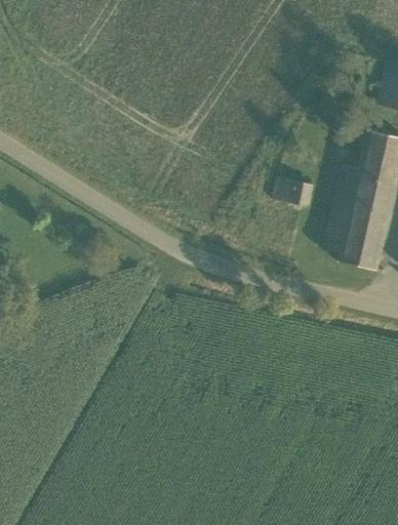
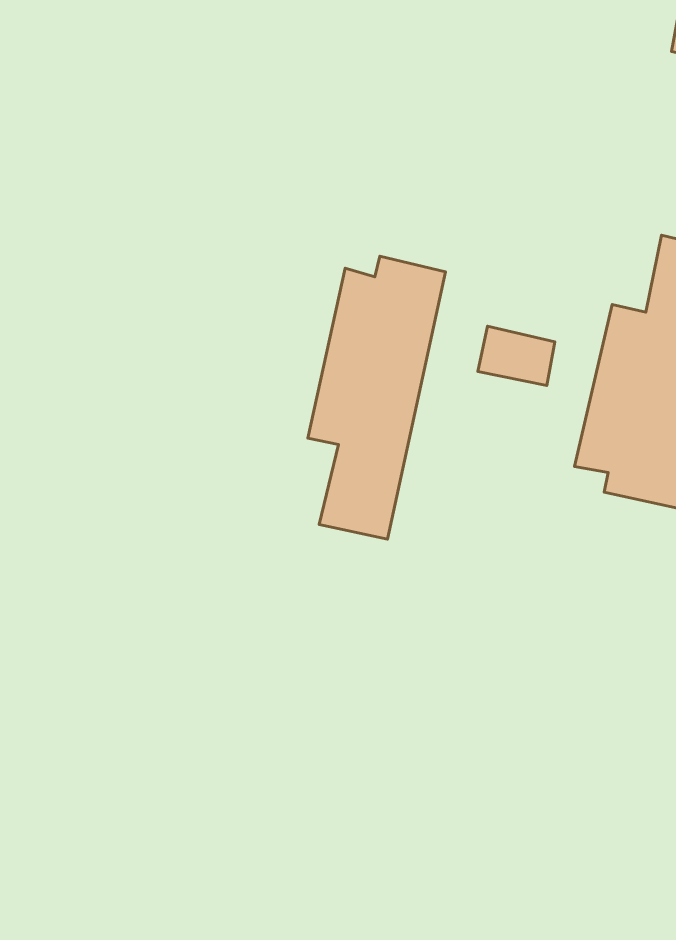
building: none -> [308,256,446,539]

